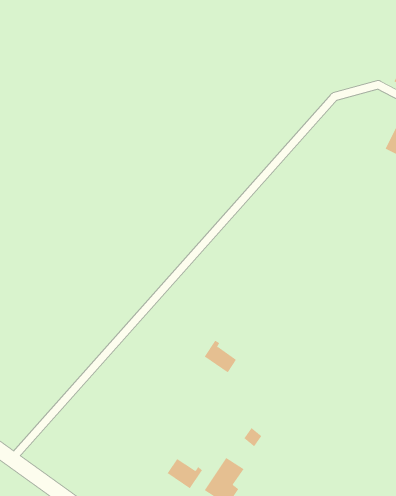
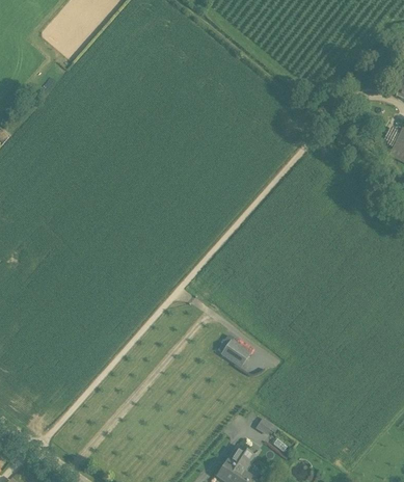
building: [167,458,203,489] -> none

